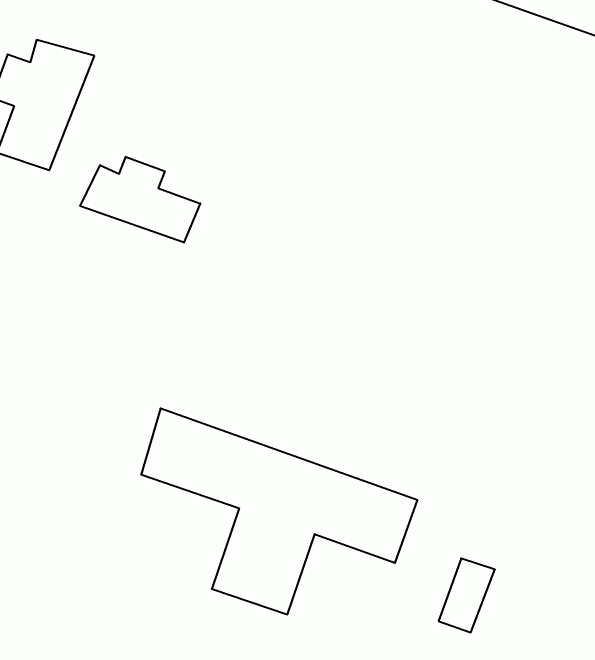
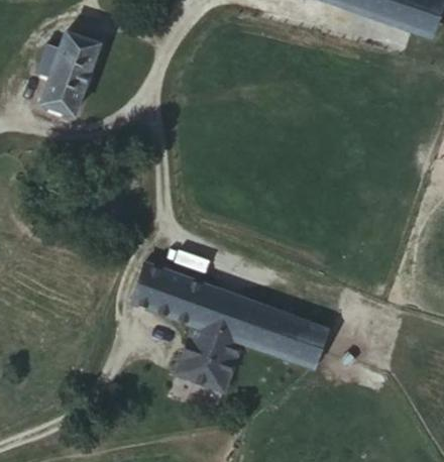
building: [80,157,200,243] -> none
building: [439,558,495,632] -> [292,321,327,367]

